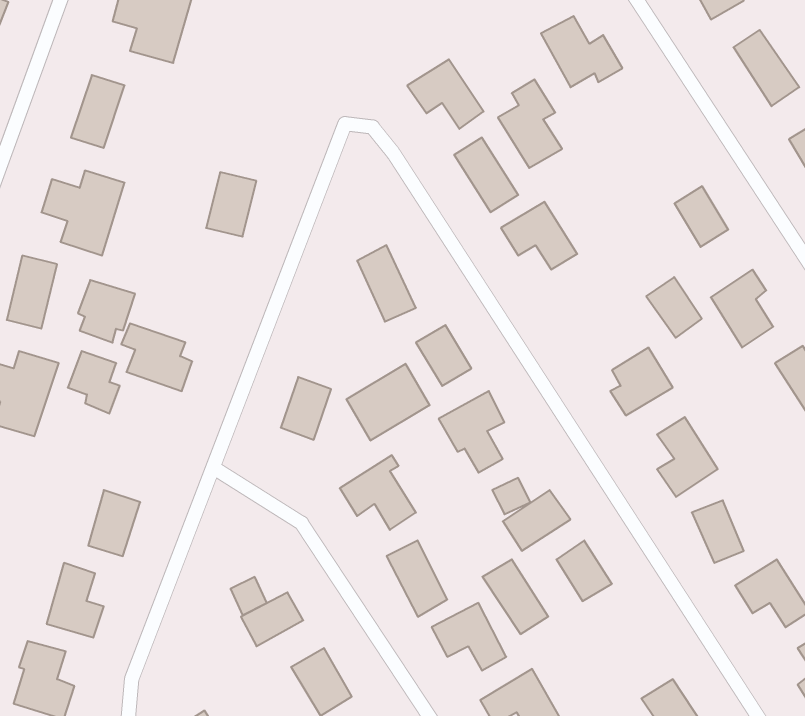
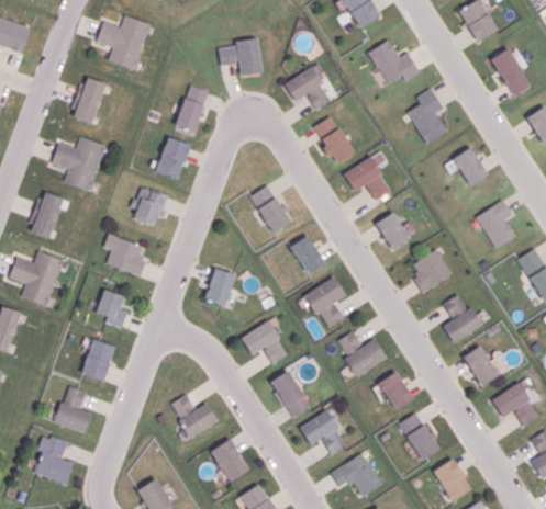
building: none -> [218,38,263,75]
building: [498,79,562,168] -> [406,88,447,144]
building: none -> [176,84,207,133]
building: [646,277,702,338] -> [375,212,410,250]
building: [78,280,135,343] -> [132,186,168,226]
building: [68,351,120,414] -> [94,290,127,329]
building: [346,364,430,441] -> none
building: [482,559,548,634] -> [398,412,439,460]

